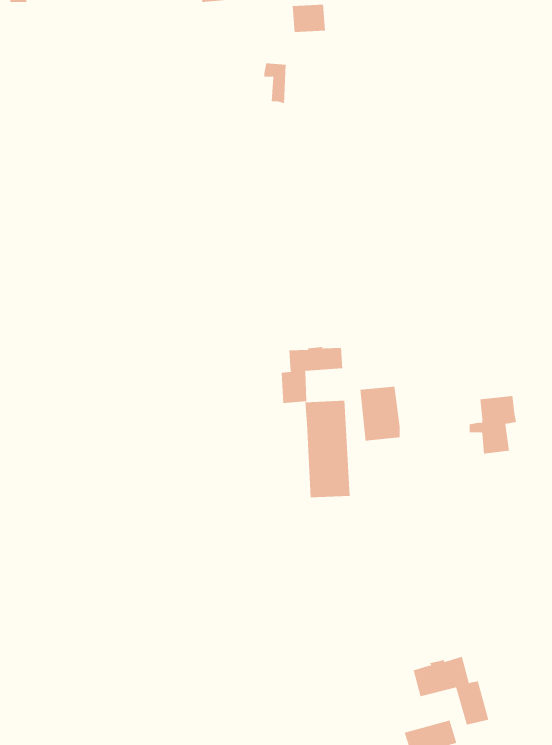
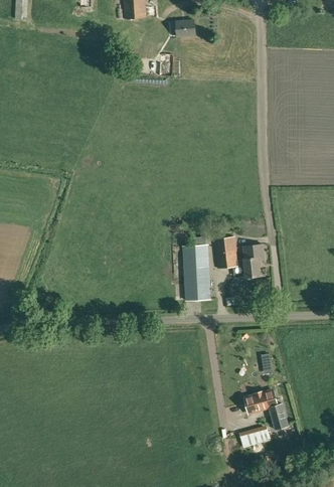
building: [281,346,343,404] -> none
building: [469,396,517,454] -> [237,245,265,278]

